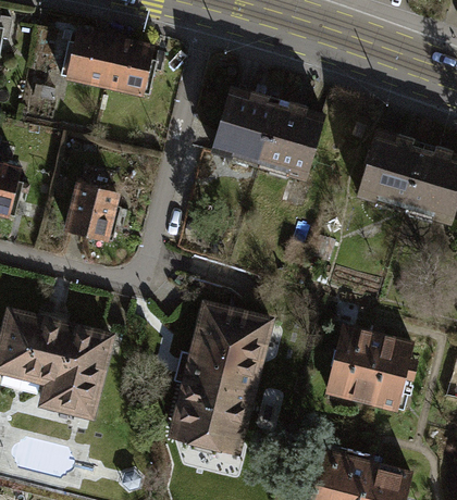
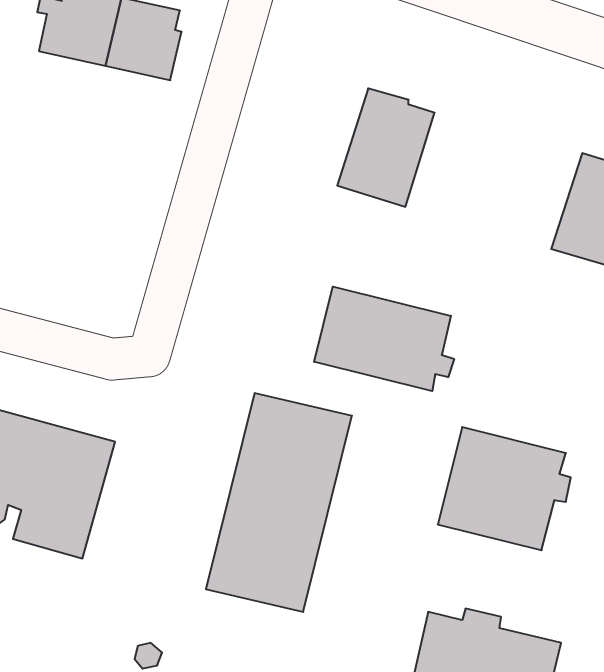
building: [213,89,280,165] -> none
building: [357,130,423,208] -> none
building: [66,184,119,241] -> none
building: none -> [314,287,454,391]

